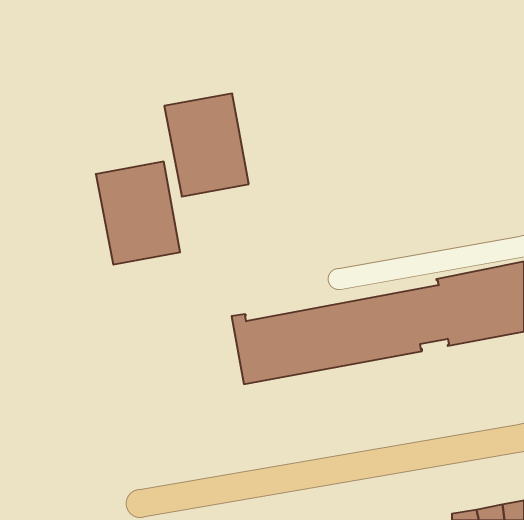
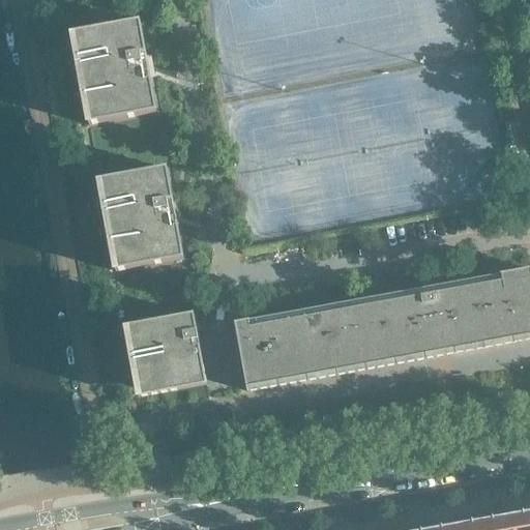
building: [164,94,249,197] -> [69,17,154,120]
building: none -> [123,310,205,393]

